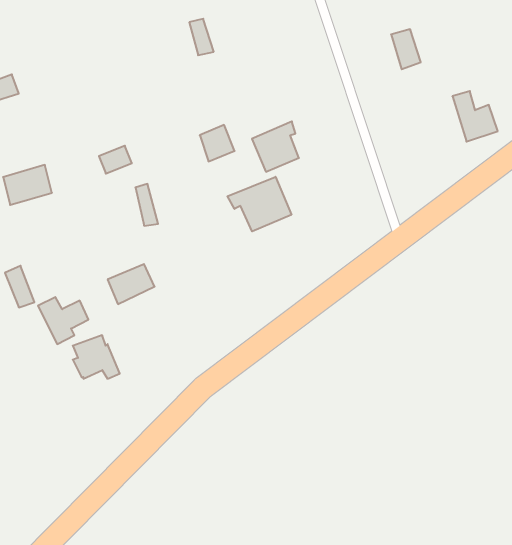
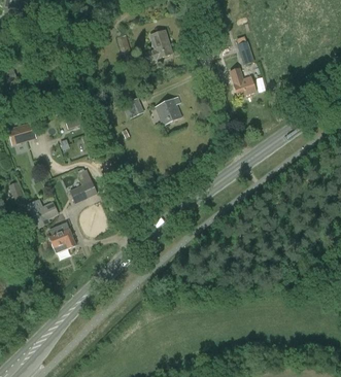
building: none -> [142,30,172,63]
building: [452,91,498,142] -> [230,68,257,98]
building: [227,177,291,231] -> none

